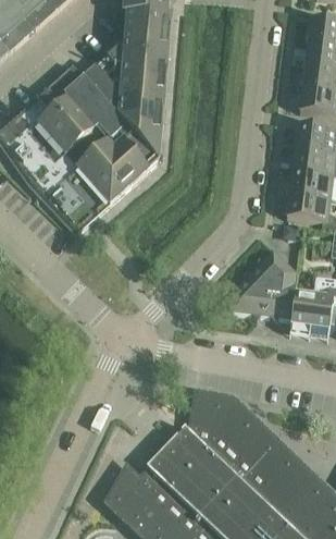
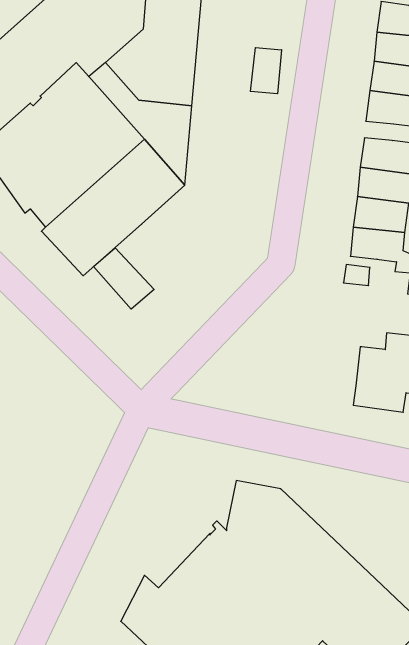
building: none -> [250,48,282,94]
building: none -> [94,248,154,309]
building: [227,249,297,319] -> none

